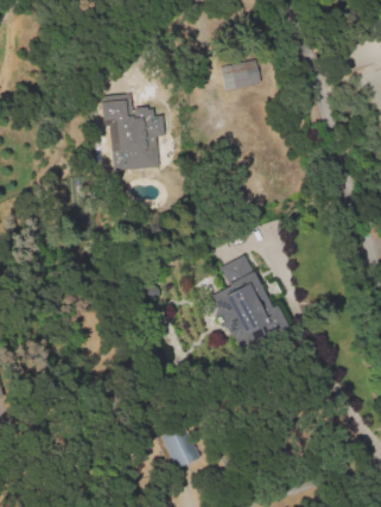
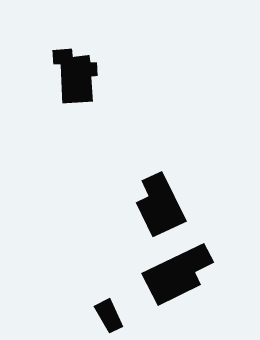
building: [221,62,262,90] -> none
building: none -> [140,242,216,307]

